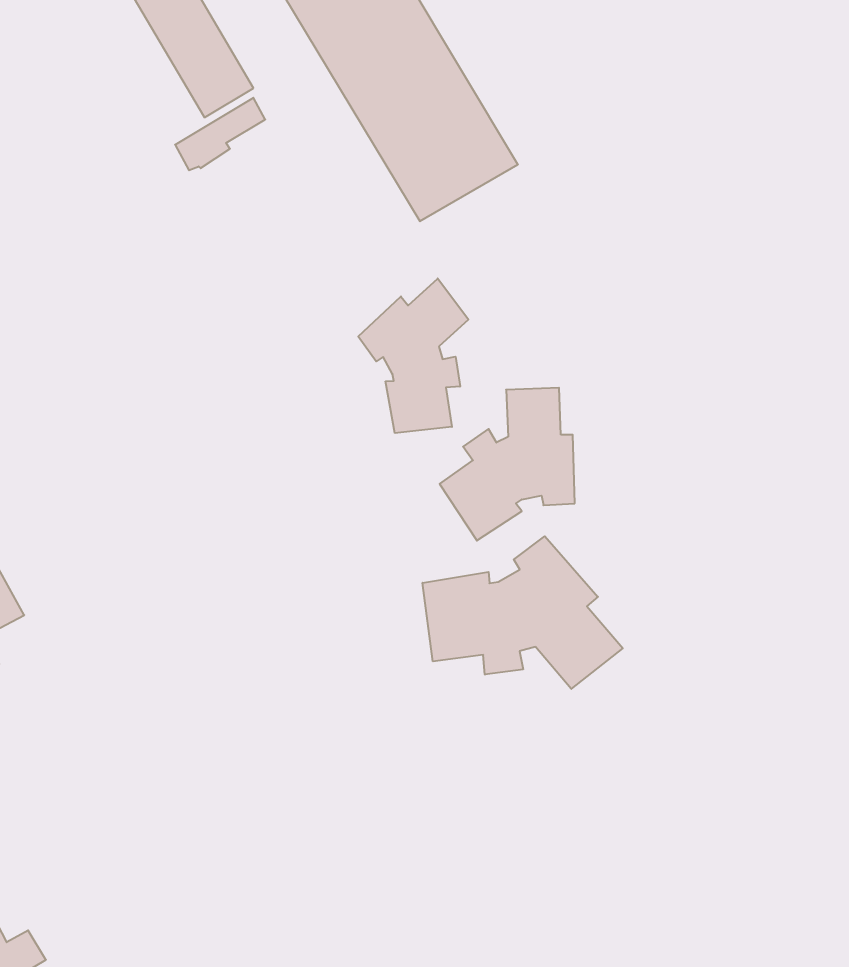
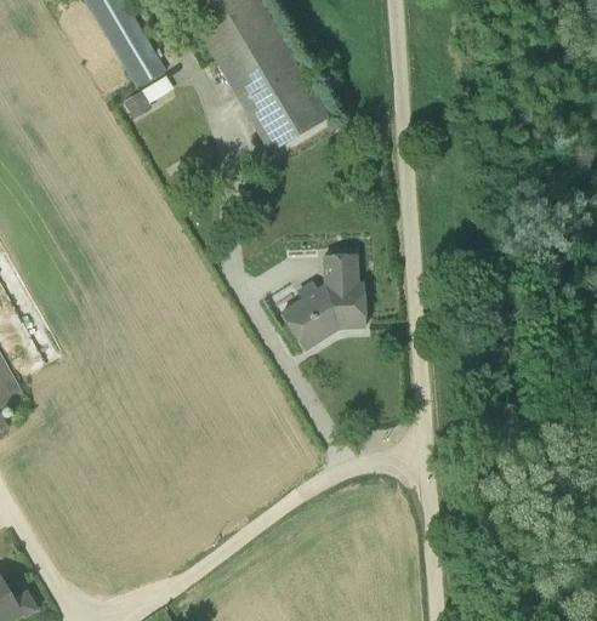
building: [358,278,468,433] -> none
building: [423,536,623,689] -> none

